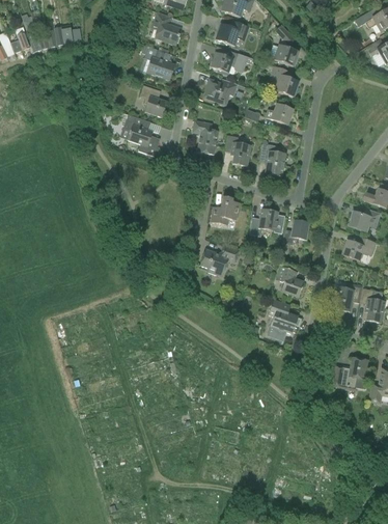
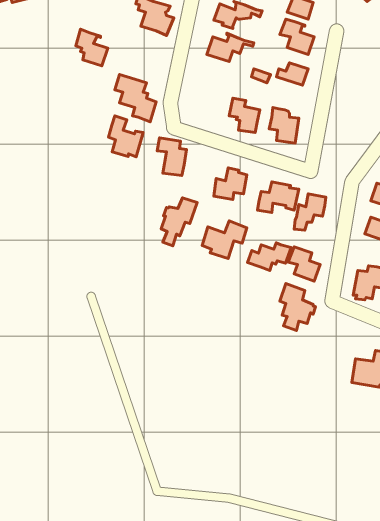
building: [138,84,166,116] -> [76,29,108,66]
building: [191,120,217,154] -> [157,138,187,176]
building: none -> [109,116,143,157]
building: none -> [161,198,197,246]
building: none -> [248,243,291,270]

